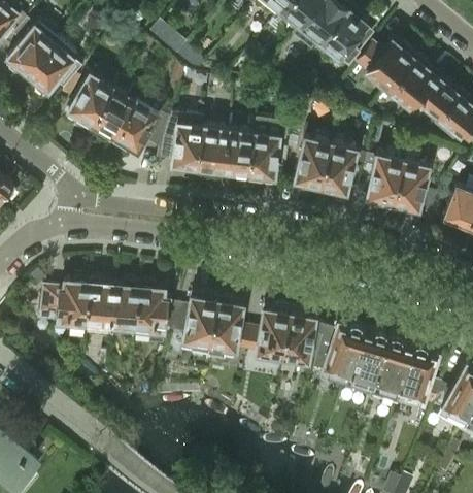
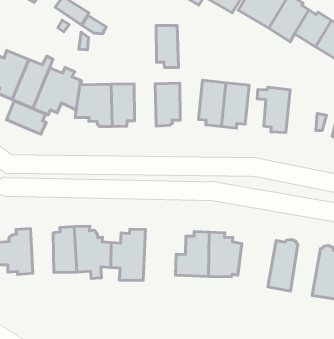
building: [223,130,251,180] -> [156,25,178,68]
building: none -> [7,101,46,134]
building: [391,160,429,211] -> none
building: [86,276,114,329] -> none
building: [208,295,243,355] -> none
building: [312,319,364,377] -> none
building: [372,333,412,402] -> none

